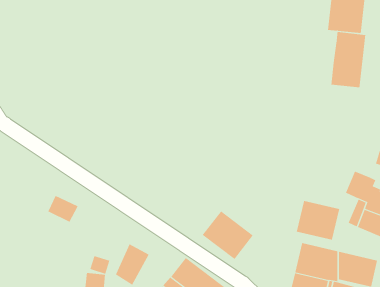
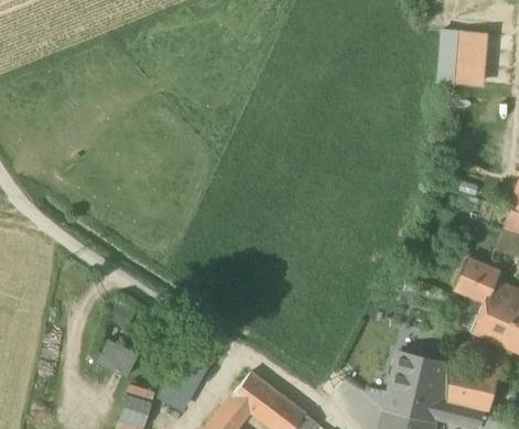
building: [331,31,366,88] -> none
building: [48,195,78,223] -> [99,341,139,376]
building: [296,200,340,240] -> none
building: [202,210,254,260] -> none

